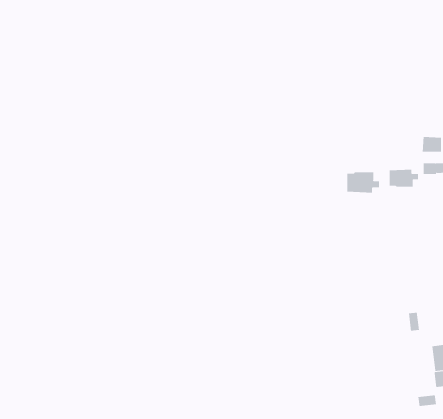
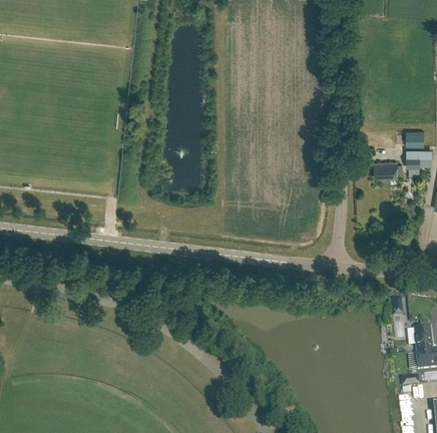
building: [347,171,380,193] -> none

